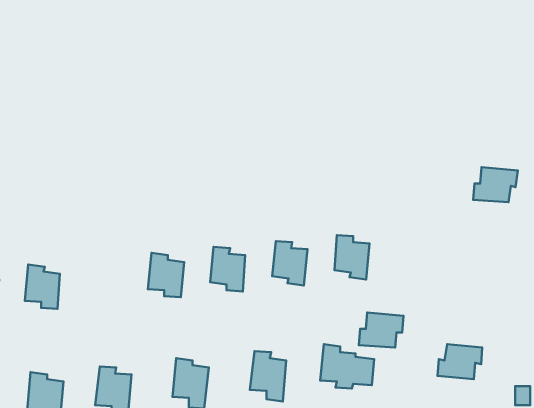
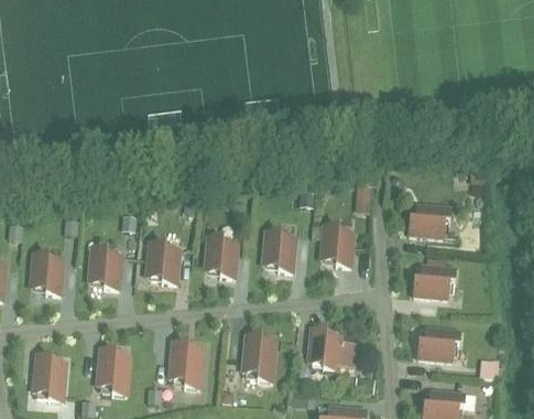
building: [473,167,518,202] -> [408,203,450,236]
building: none -> [88,246,121,288]
building: [359,312,403,348] -> [413,264,455,297]

